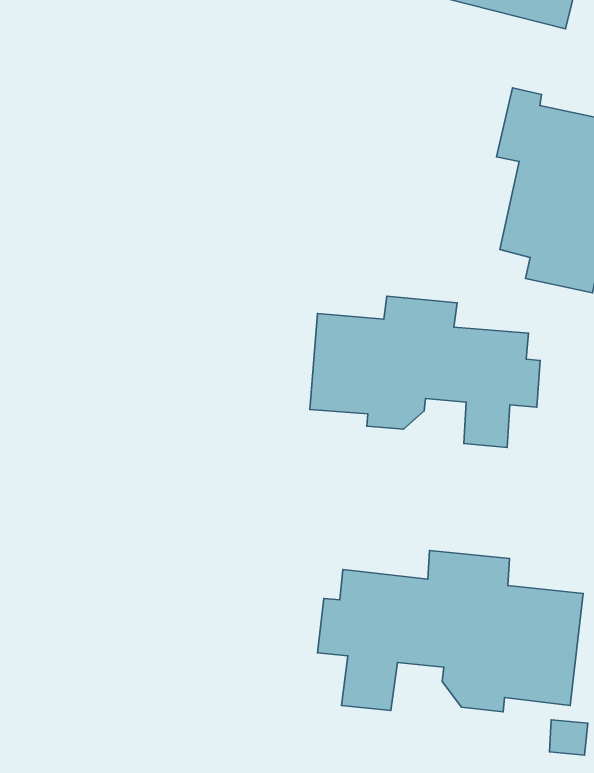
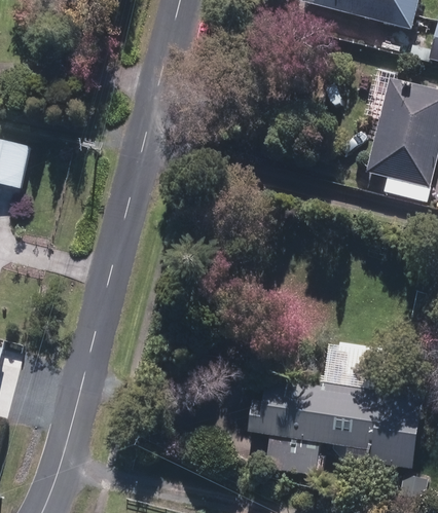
building: [310,296,540,448] -> none

